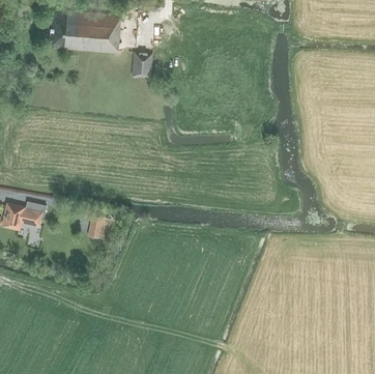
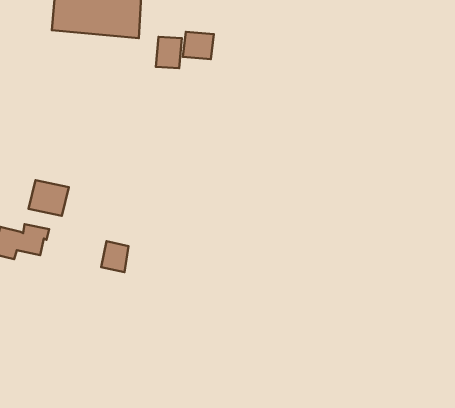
building: none -> [183,32,214,59]
building: none -> [29,180,69,216]

